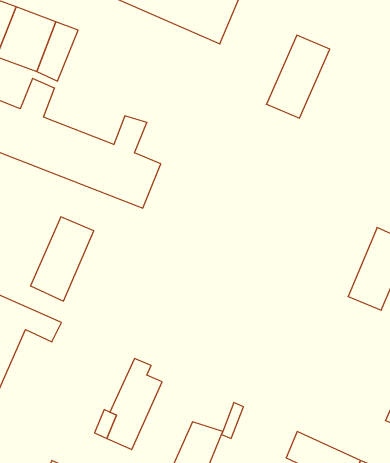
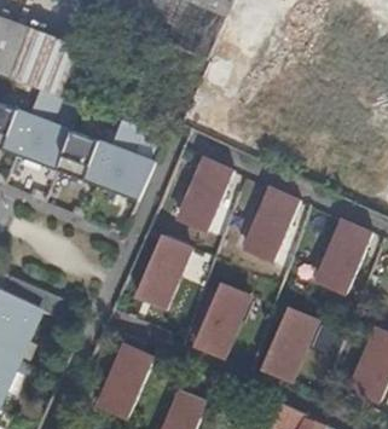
building: [266,35,330,118] -> [181,158,237,231]
building: none -> [248,189,302,261]
building: [30,217,94,301] -> [138,236,193,309]
building: none -> [197,284,251,355]
building: none -> [265,307,319,379]

